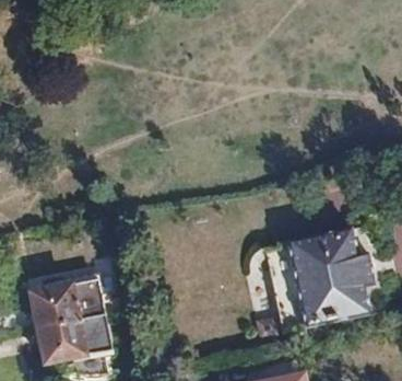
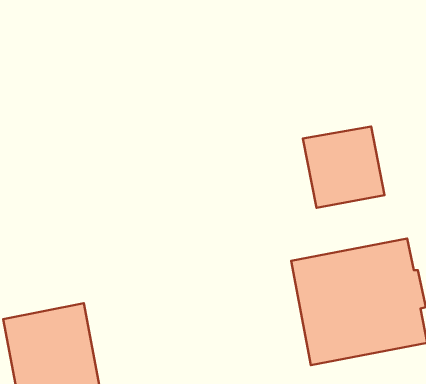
building: none -> [303,127,384,208]

